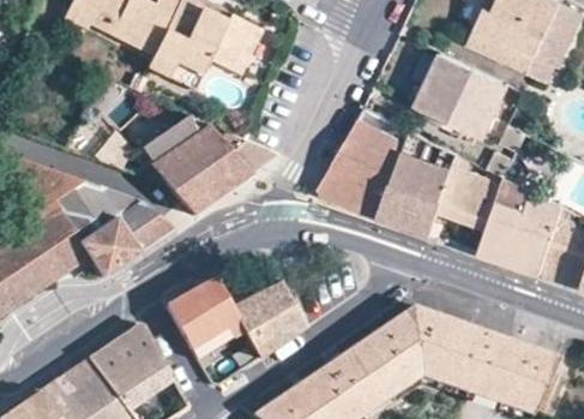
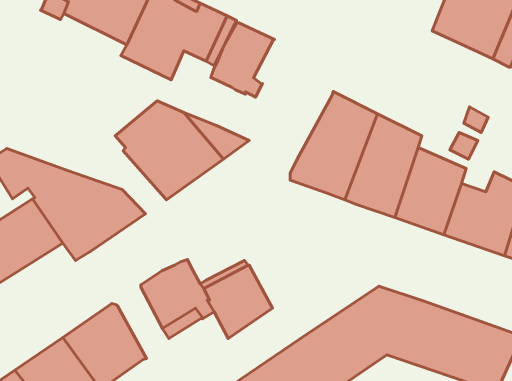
building: none -> [211,23,274,97]
building: [414,48,506,133] -> none

